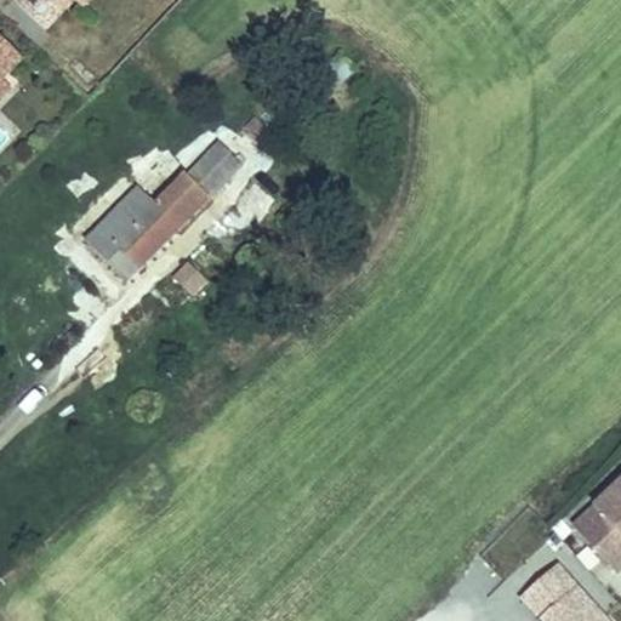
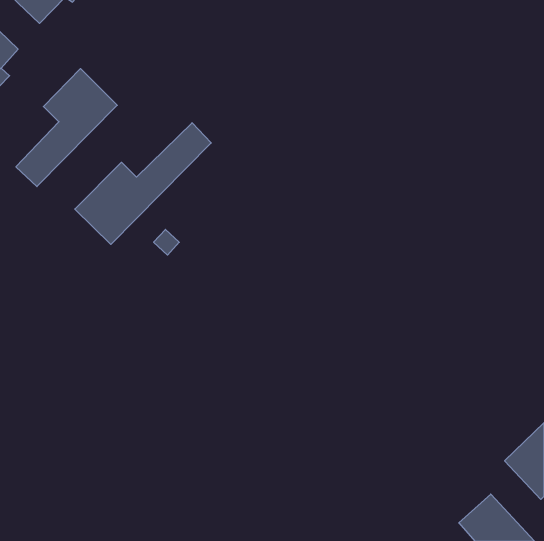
building: none -> [16,69,117,187]

